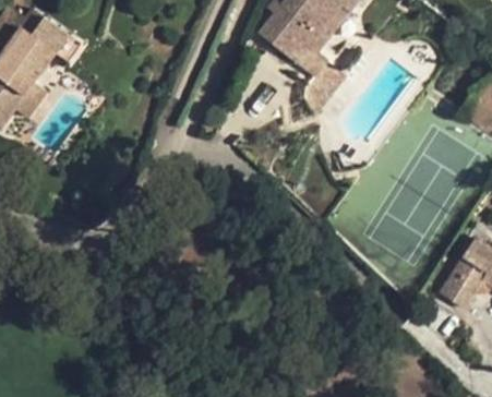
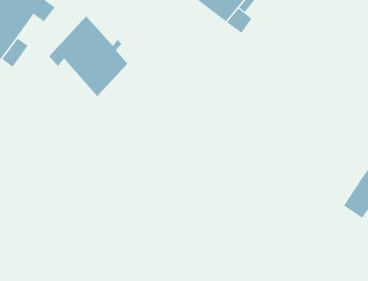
building: none -> [49,16,128,97]
building: [309,59,347,117] -> none

